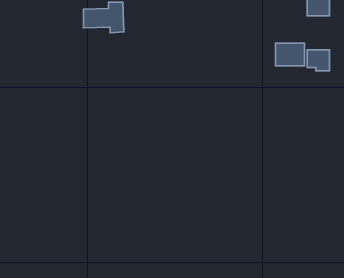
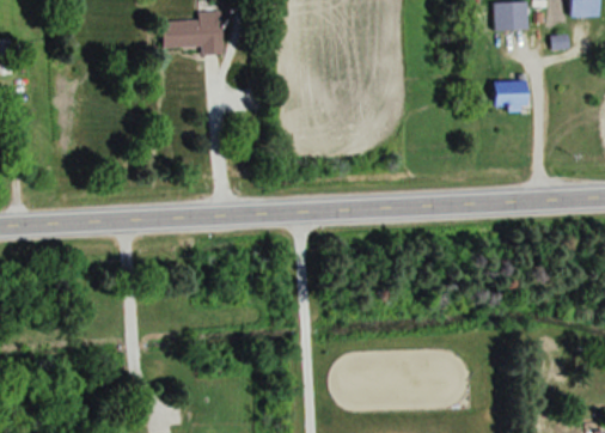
building: [276,43,304,66] -> none

